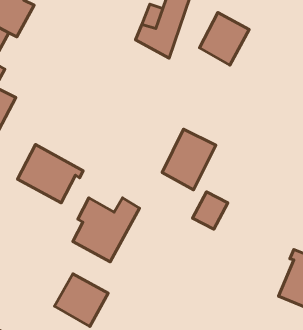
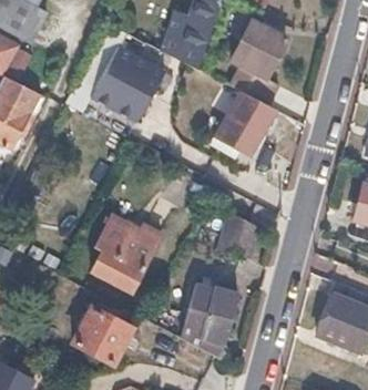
building: none -> [91,48,165,123]
building: [162,129,216,190] -> [214,92,273,158]
building: [17,145,83,203] -> none
building: none -> [192,287,236,343]

